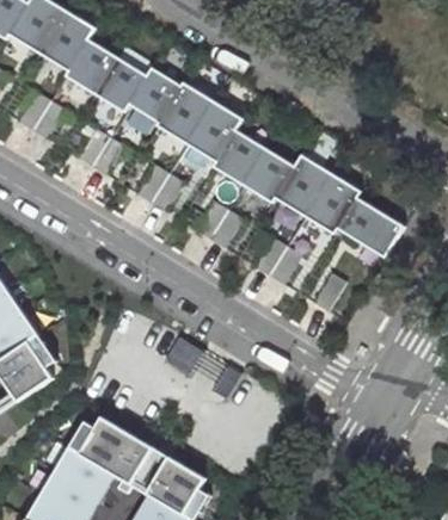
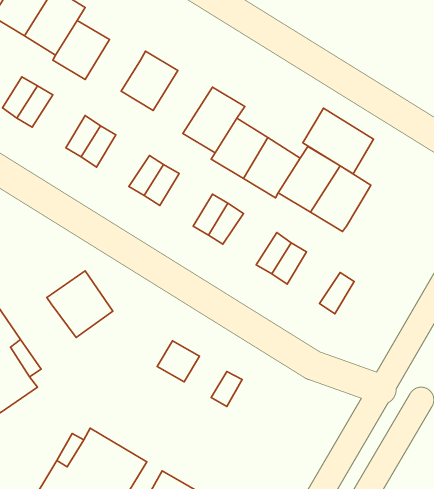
building: [96,57,147,112] -> none
building: [157,82,214,144] -> none
building: [338,198,404,259] -> [303,108,374,174]
building: none -> [47,271,113,337]

